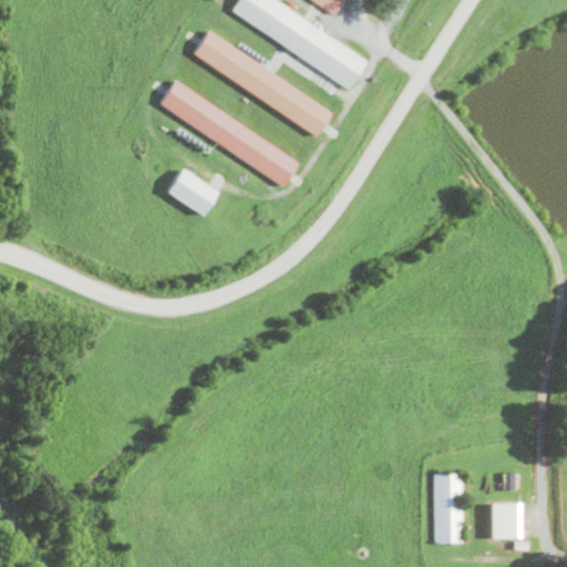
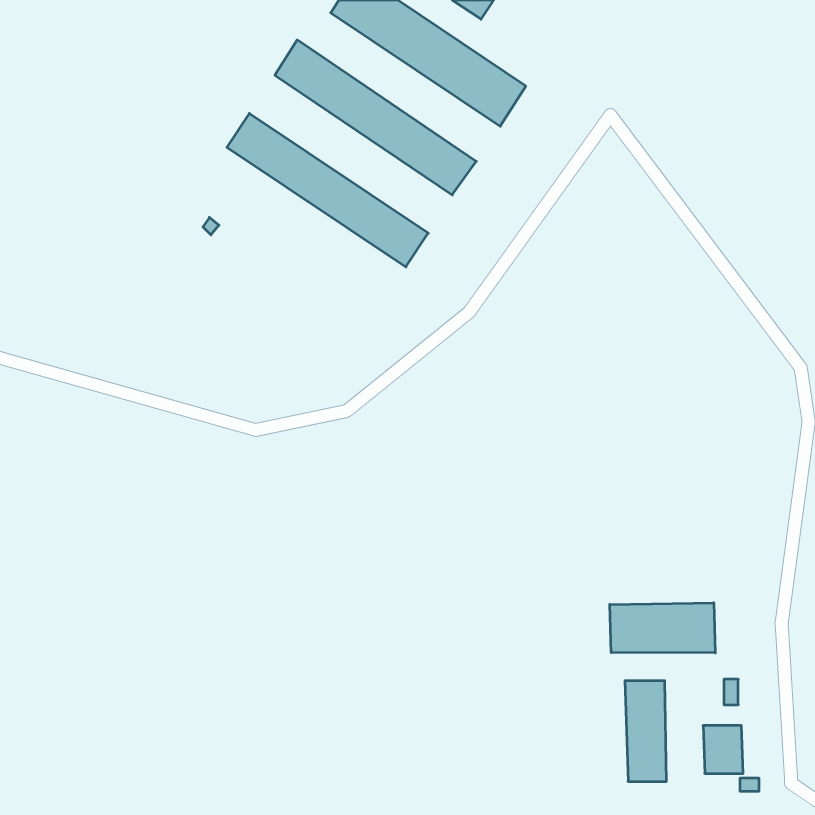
building: [166,169,215,215] -> none
building: none -> [610,603,715,653]

